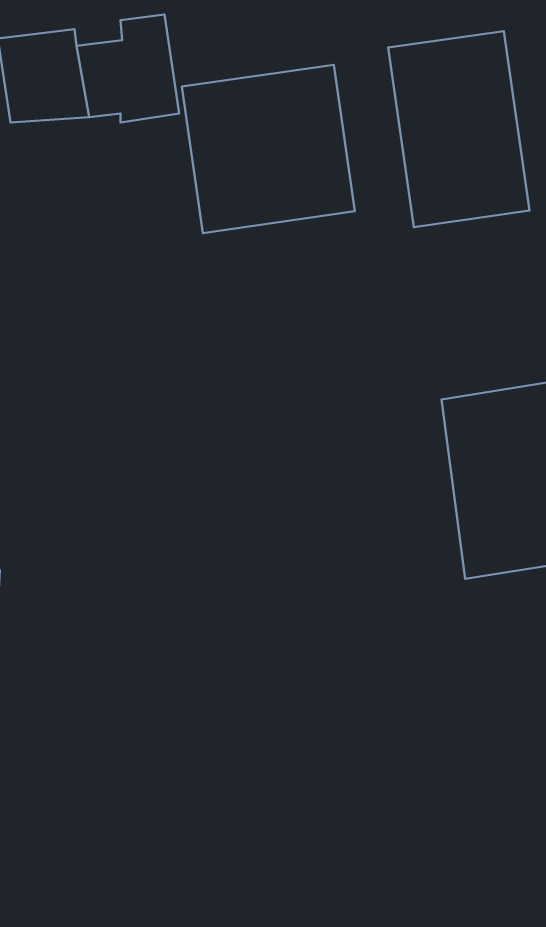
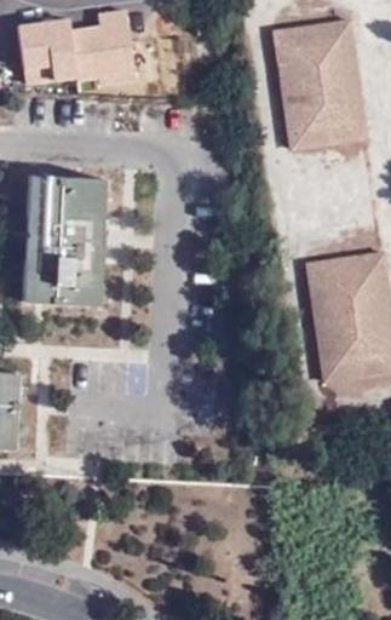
building: [182,65,355,233] -> none
building: none -> [24,180,108,310]

